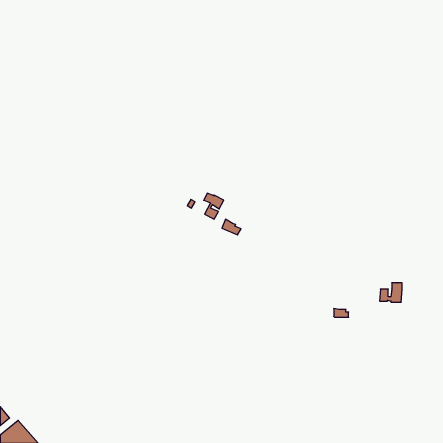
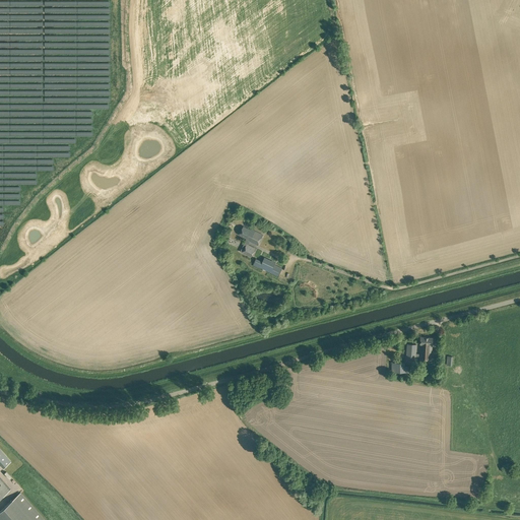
building: [380,283,402,302] -> [406,337,433,360]

